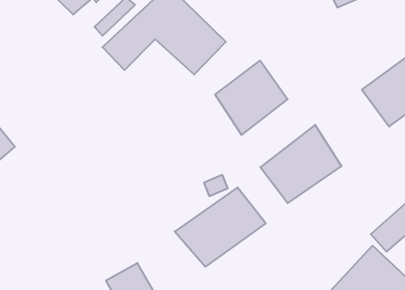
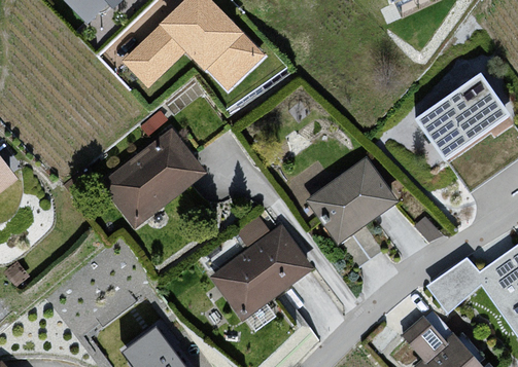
building: [215,61,288,135] -> none
building: none -> [101,134,206,228]

